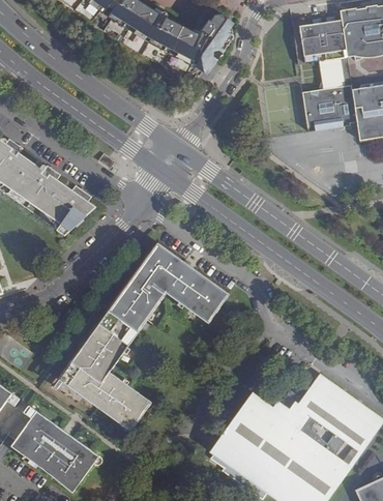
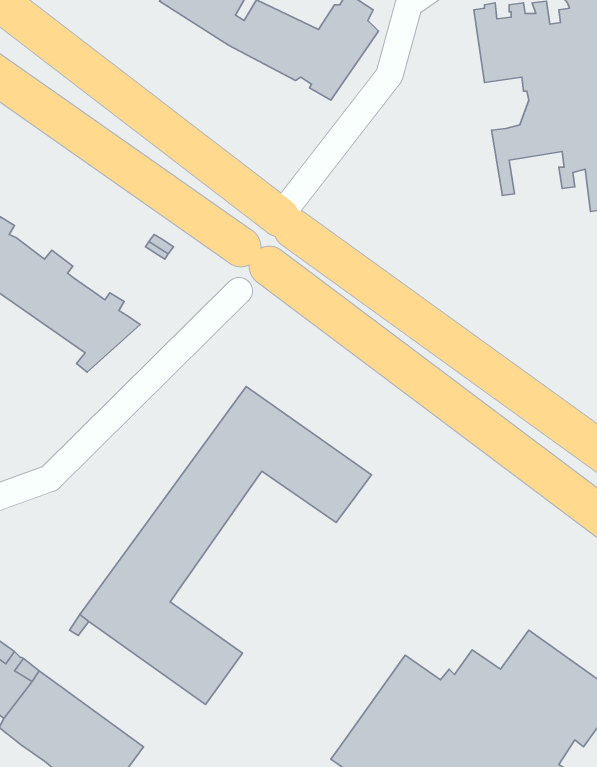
building: [312,105,344,129] -> none

